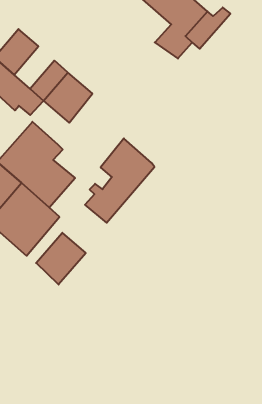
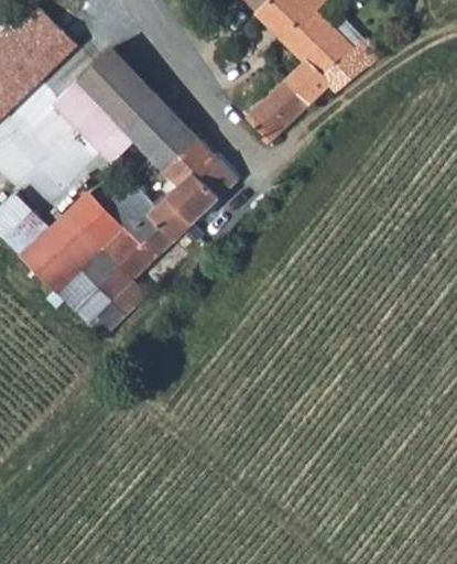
building: none -> [249,82,311,141]
building: none -> [101,73,154,126]
building: [85,138,154,223] -> [141,139,233,243]
building: [36,233,86,285] -> none

